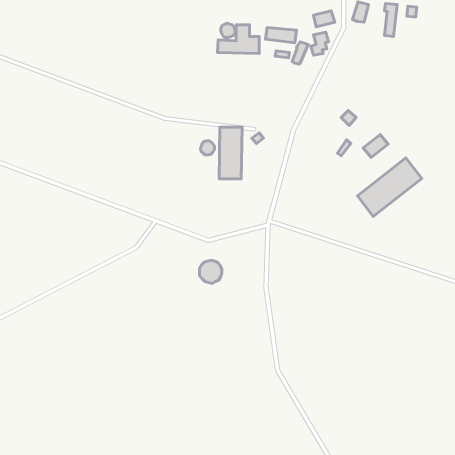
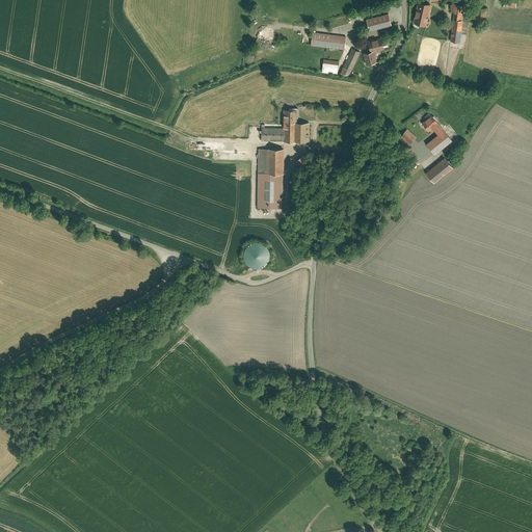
building: [217,25,259,53] -> [260,109,309,142]
building: none -> [421,114,452,155]
building: [358,158,422,217] -> none
building: [200,260,222,283] -> [243,243,269,270]

